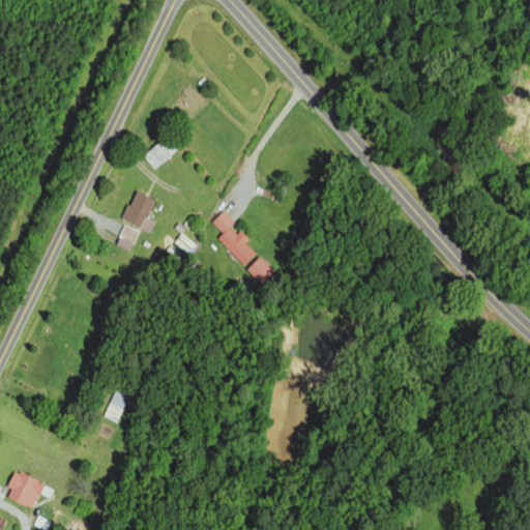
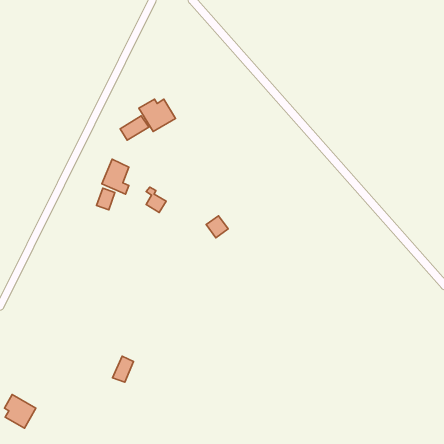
building: none -> [139,99,176,132]
building: [211,211,257,266] -> none
building: [104,391,128,422] -> [113,356,133,382]

